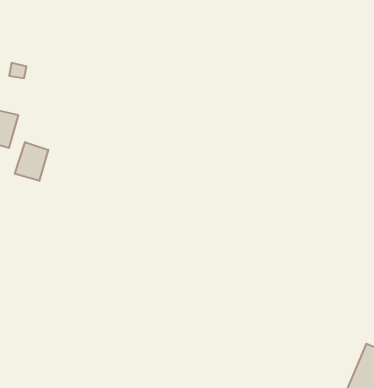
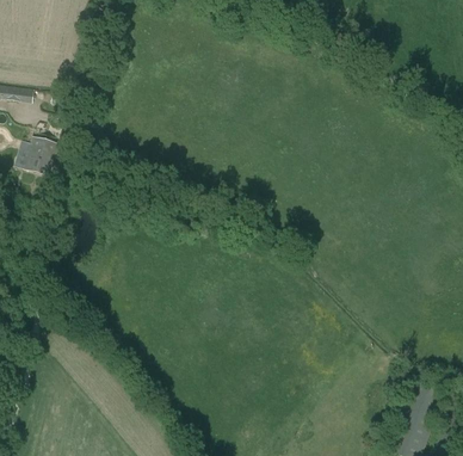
building: [15,142,48,181] -> none

